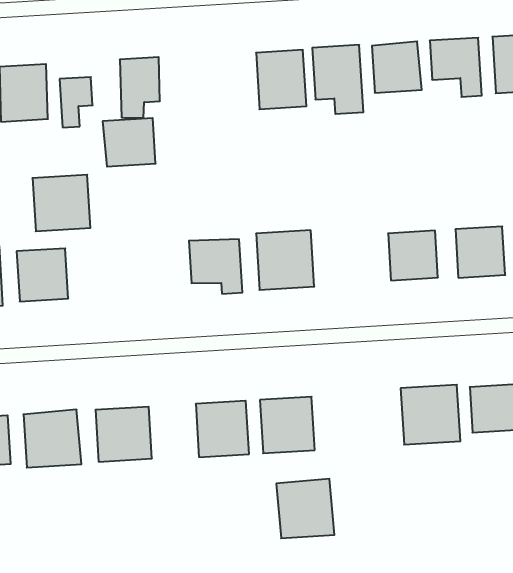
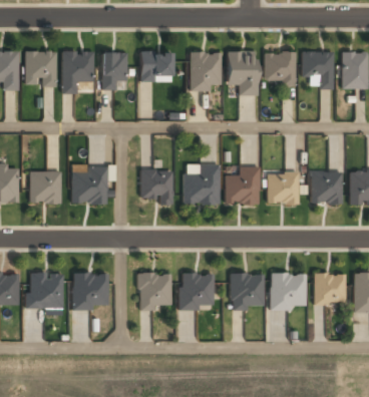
building: [103,118,156,167] -> [140,51,172,80]
building: [32,175,90,231] -> [72,167,107,202]
building: none -> [225,165,259,204]
building: [276,479,334,538] -> [230,272,265,308]

